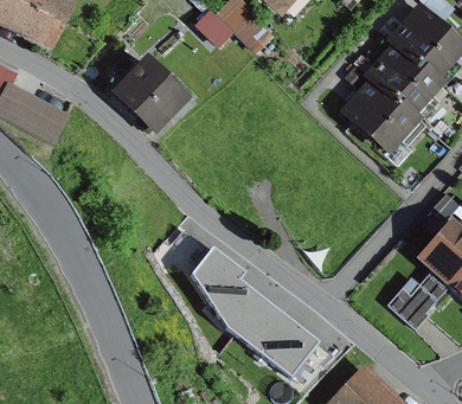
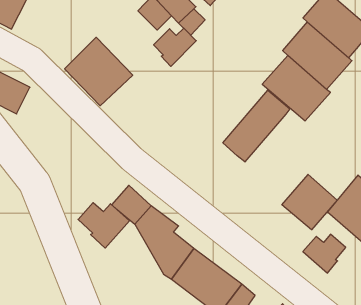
building: none -> [154,28,196,66]
building: none -> [223,90,290,162]
building: none -> [282,174,337,230]
building: none -> [78,203,129,248]

